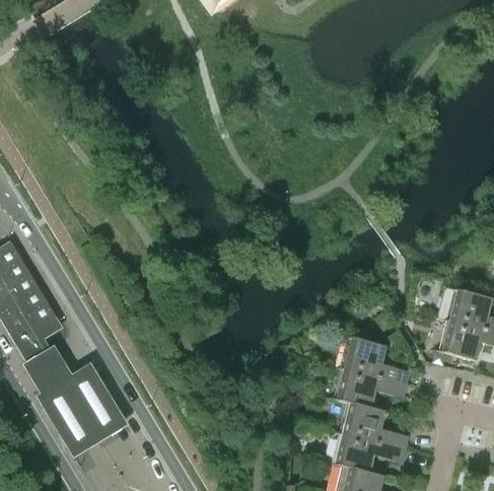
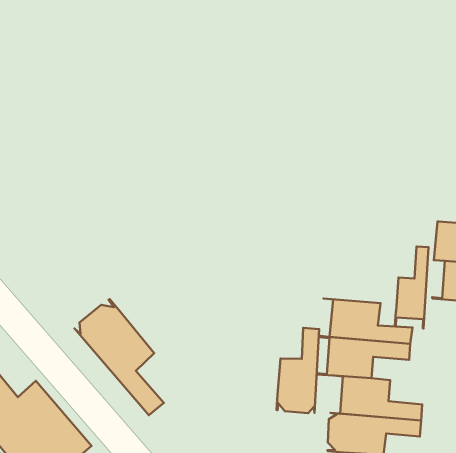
building: none -> [395,246,429,329]
building: none -> [74,299,164,415]
building: none -> [276,328,319,413]

